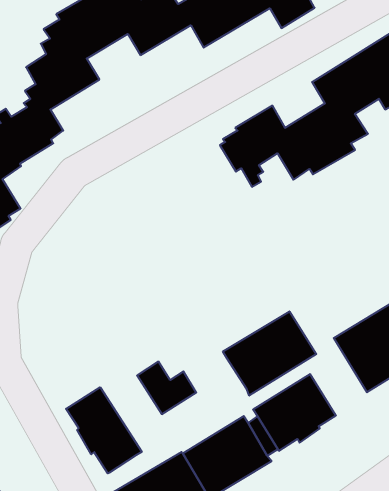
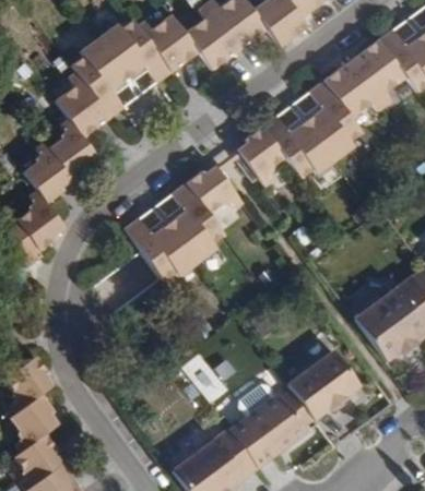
building: none -> [128,166,245,282]
building: [223,311,316,396] -> none
building: [66,387,142,473] -> none

